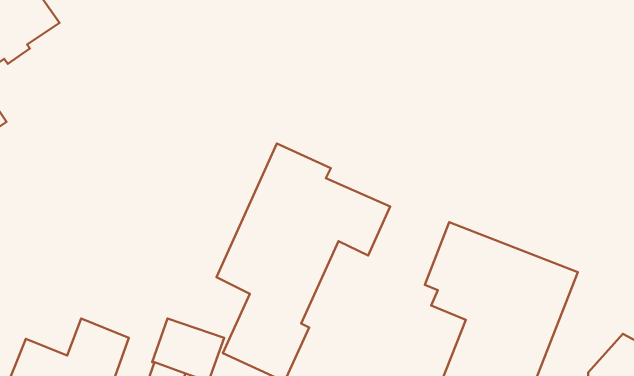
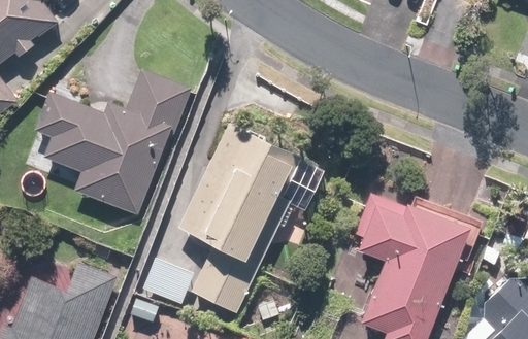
building: none -> [34,72,191,216]

